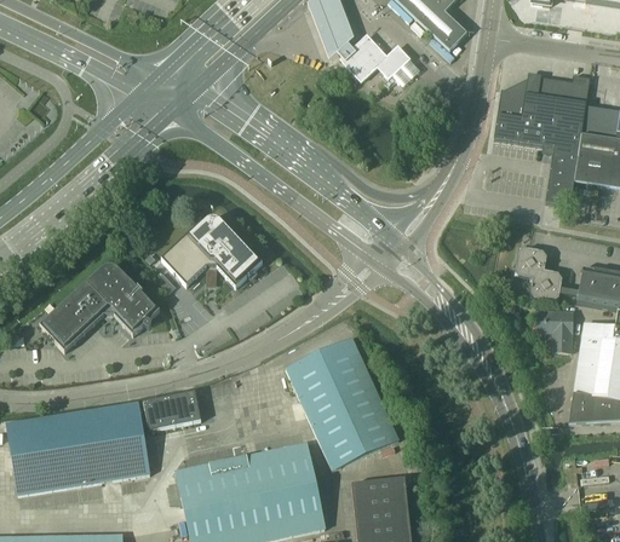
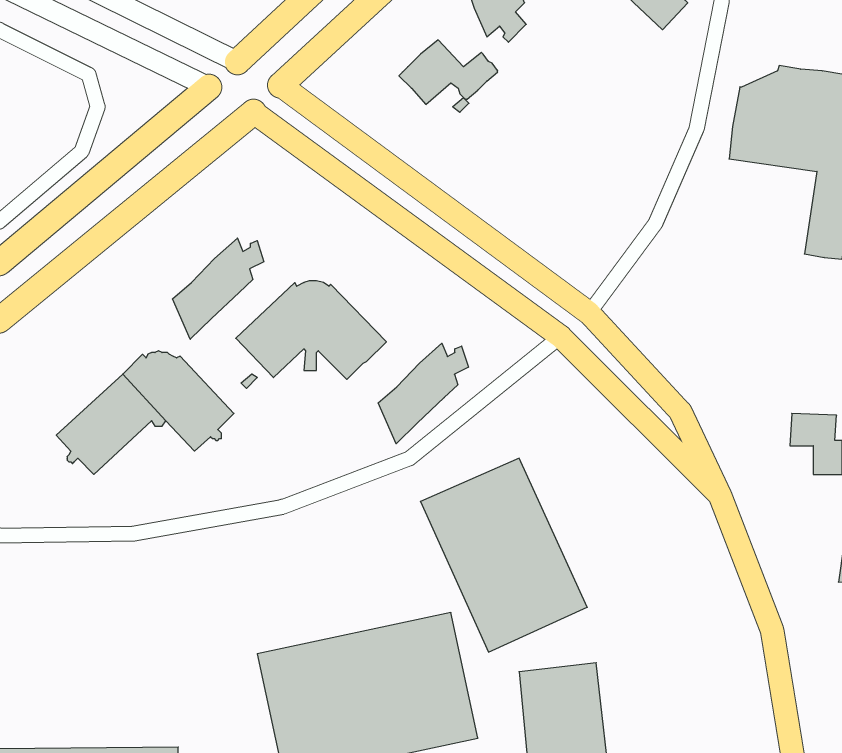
building: [343,38,409,81] -> [399,40,498,104]
building: none -> [173,238,264,339]
building: [513,246,562,302] -> none
building: none -> [378,343,468,444]
building: [7,391,201,495] -> none

